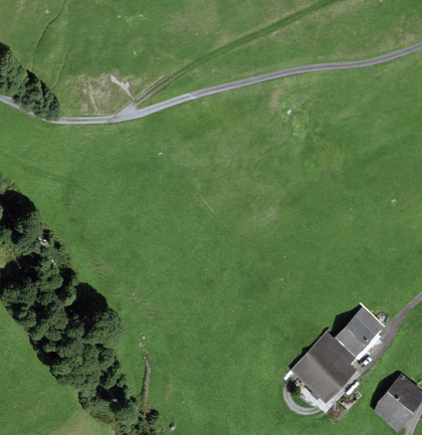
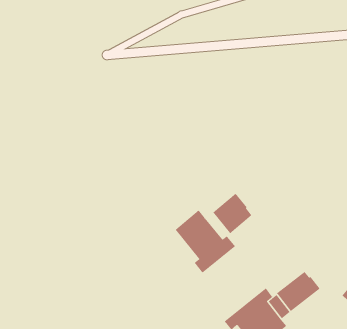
building: none -> [175,193,252,273]

